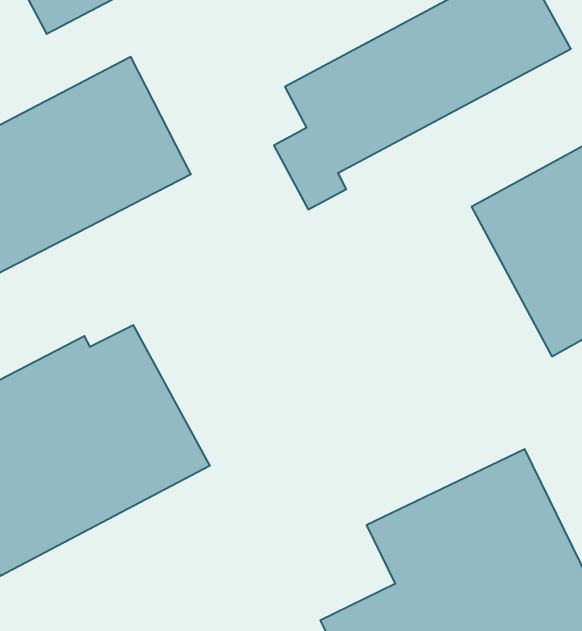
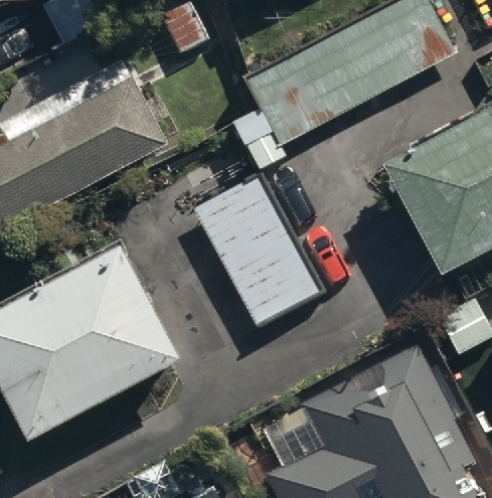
building: none -> [193,176,325,329]

